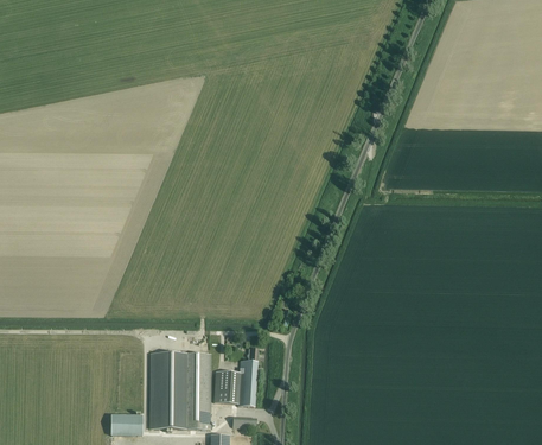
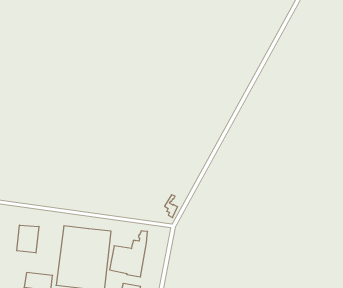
building: none -> [17,225,39,253]

